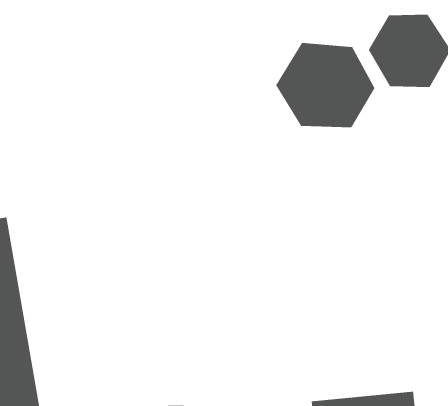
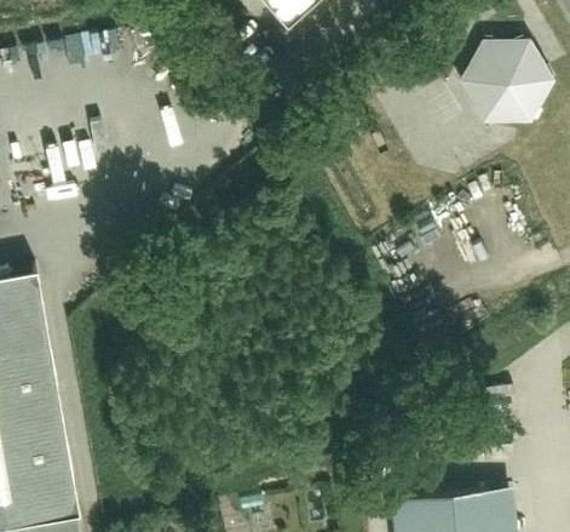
building: [276,42,375,128] -> none

